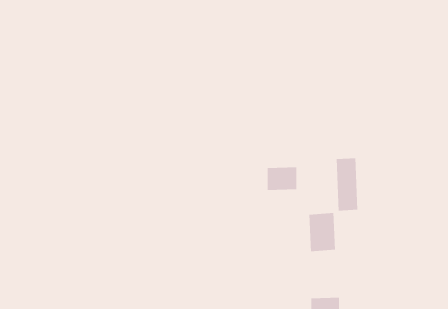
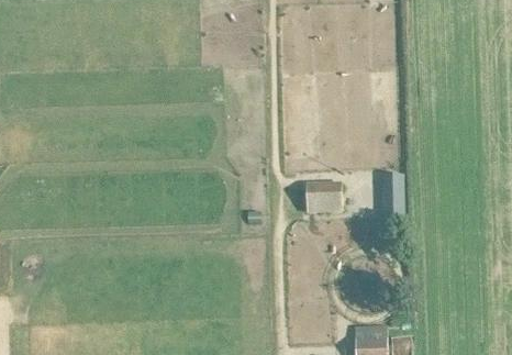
building: [309,212,336,252] -> none

